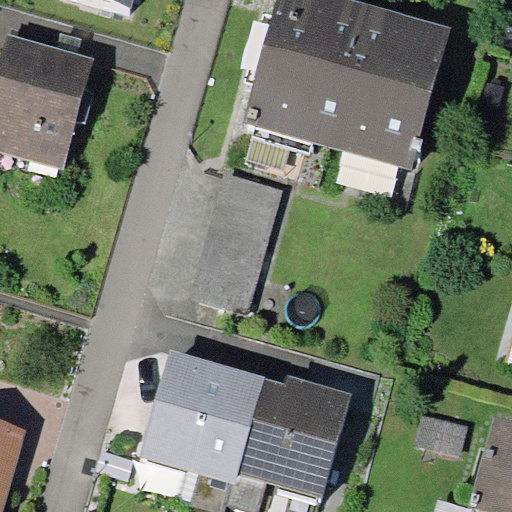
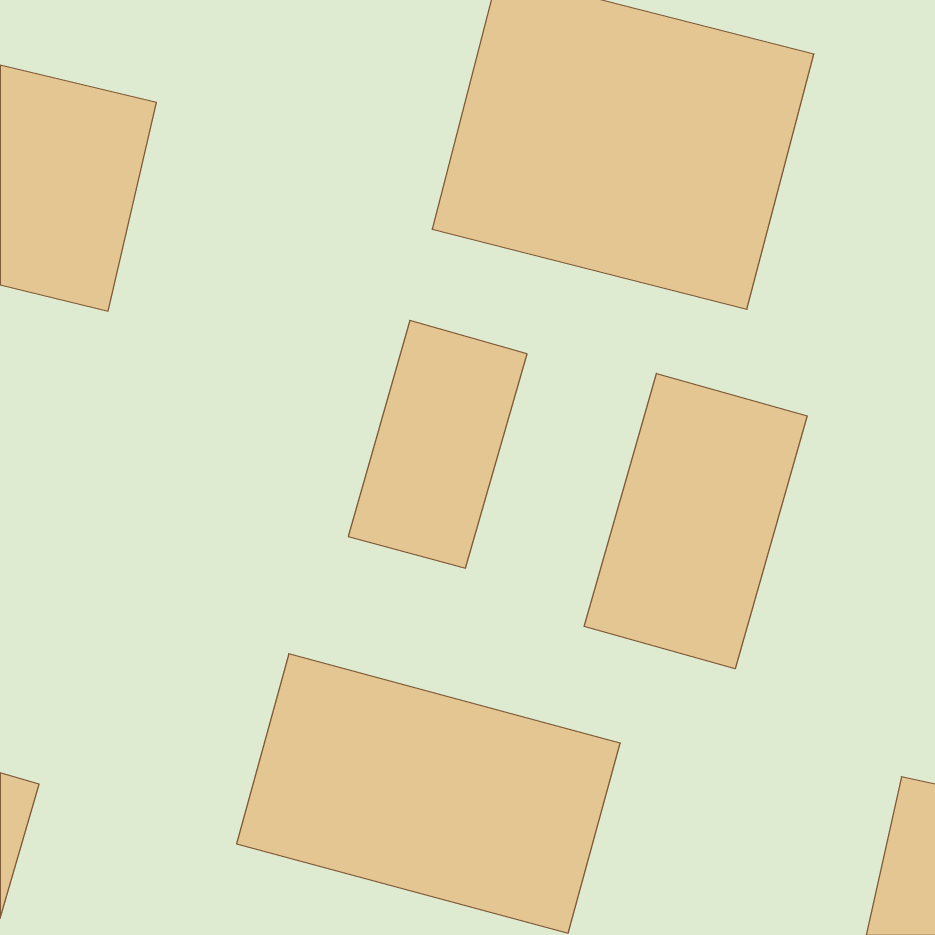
building: none -> [584,373,807,669]

